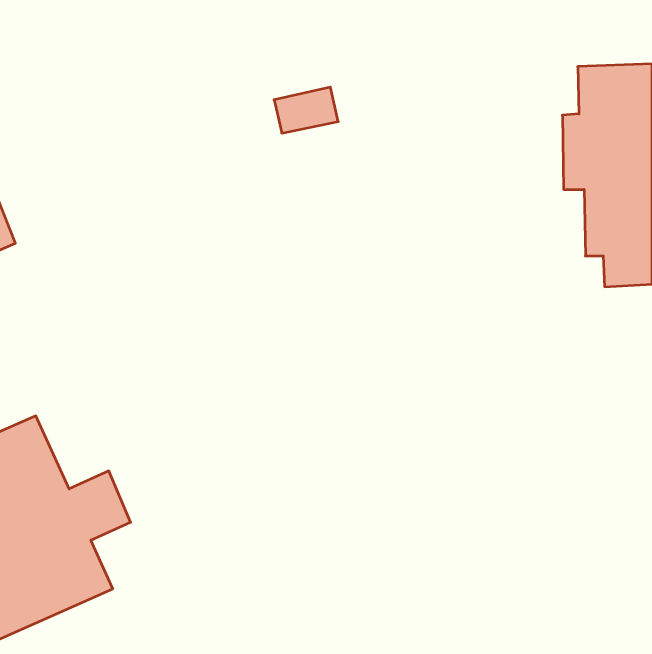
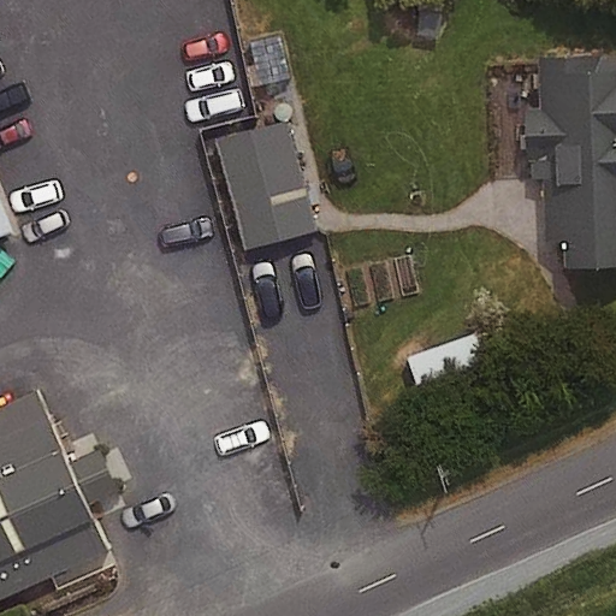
building: none -> [218,123,318,249]

